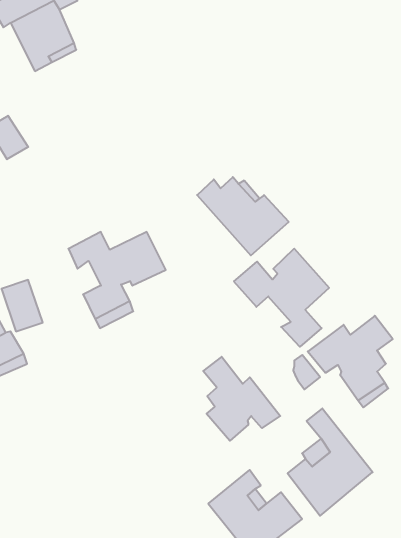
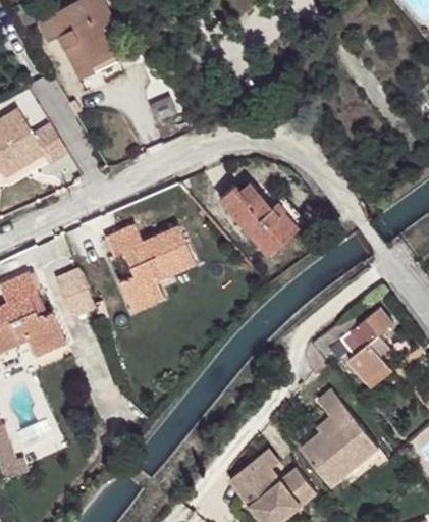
building: [234,249,329,347] -> none
building: [203,357,280,441] -> none

